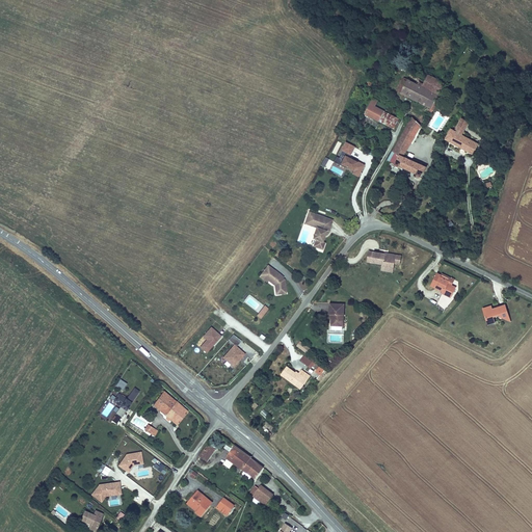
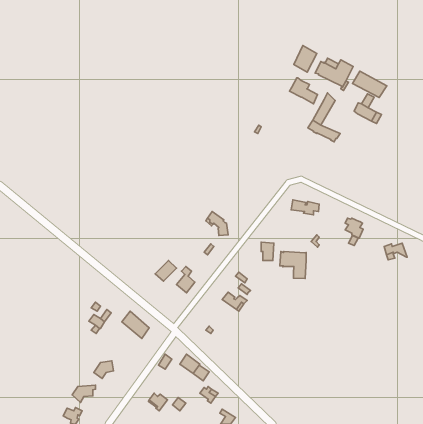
building: none -> [294,46,317,72]
building: none -> [353,71,387,97]
building: [332,141,364,178] -> none
building: [303,211,330,250] -> none
building: none -> [280,251,306,278]

